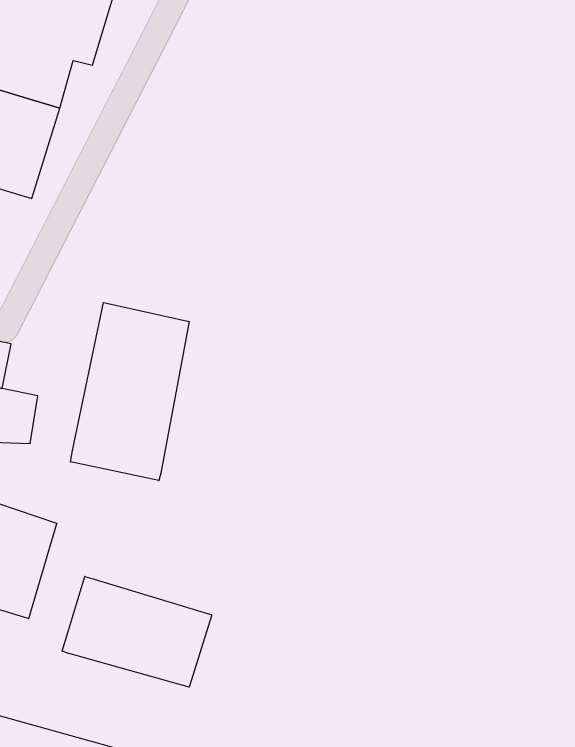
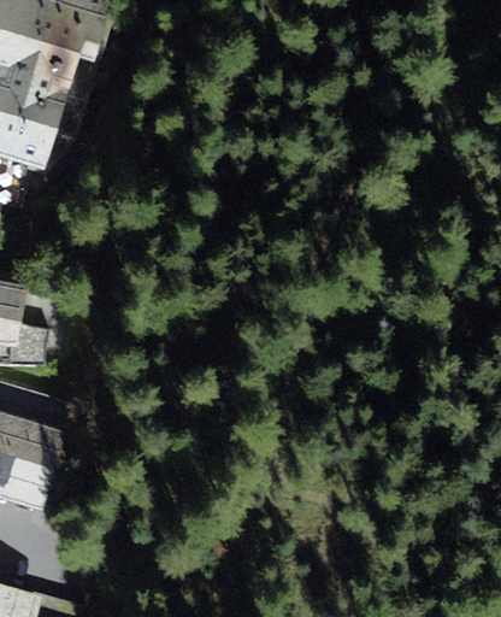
building: [70,303,189,481] -> none
building: [62,576,212,687] -> none

